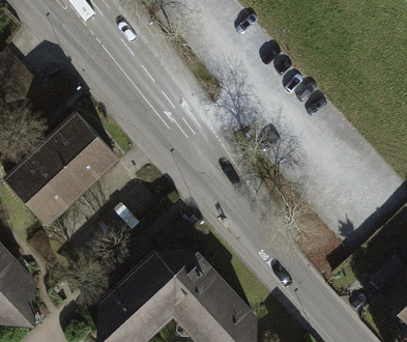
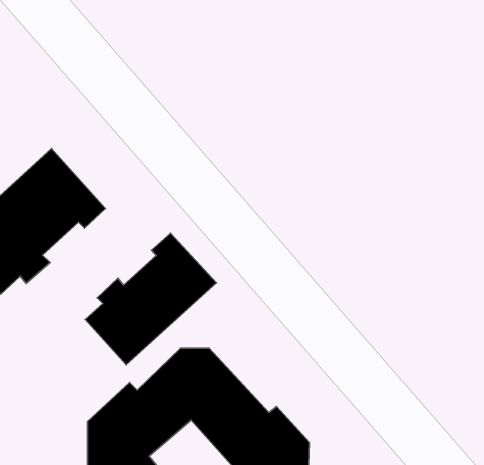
building: none -> [85,233,216,365]

